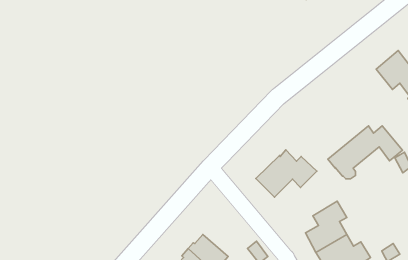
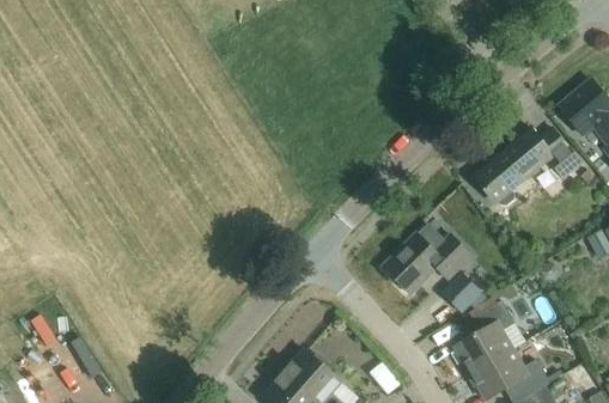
building: [328,126,403,179] -> [473,128,583,206]
building: none -> [439,271,483,315]

